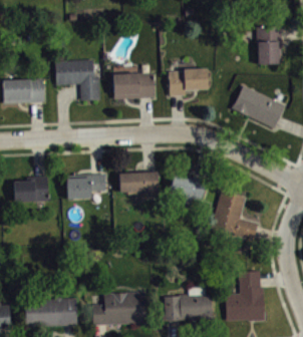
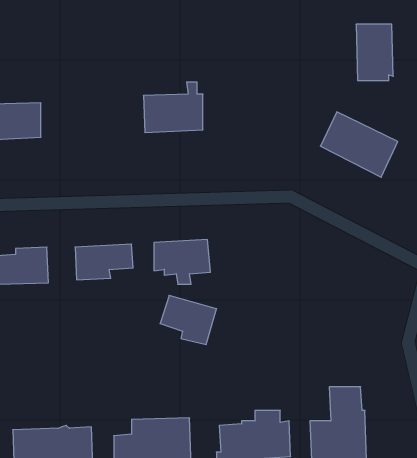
building: [55,58,99,99] -> none
building: [169,67,207,95] -> none
building: [168,174,206,207] -> [160,295,217,344]
building: [212,191,257,241] -> none

